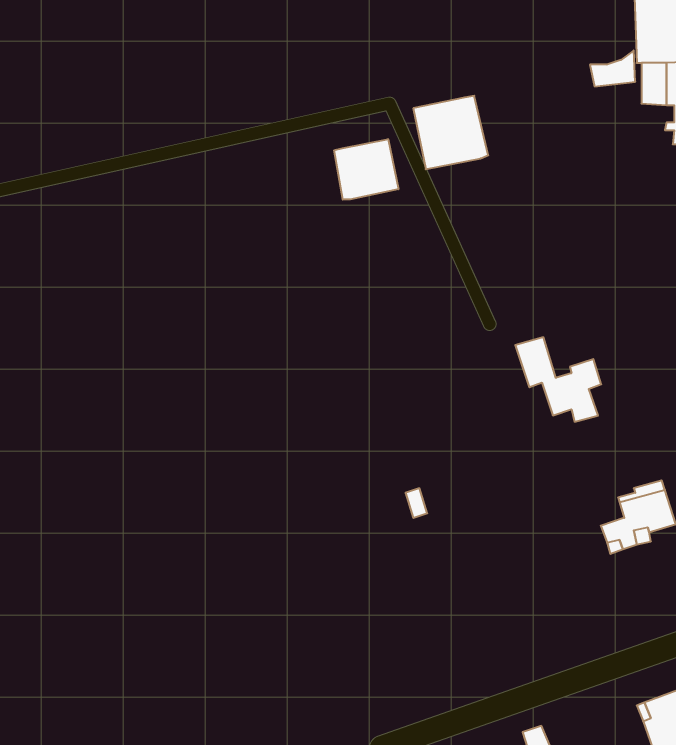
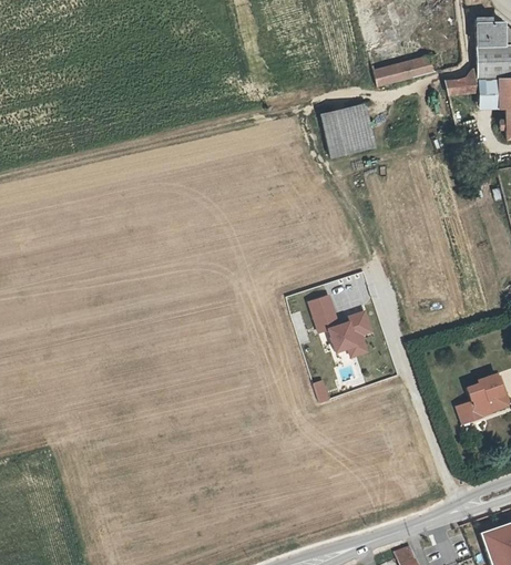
building: none -> [377,54,436,84]
building: [334,139,398,200] -> none
building: [515,337,601,422] -> [311,296,372,356]

